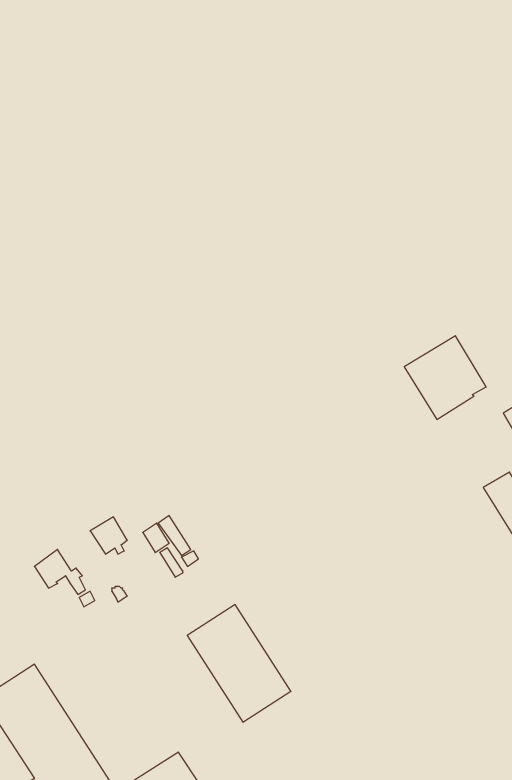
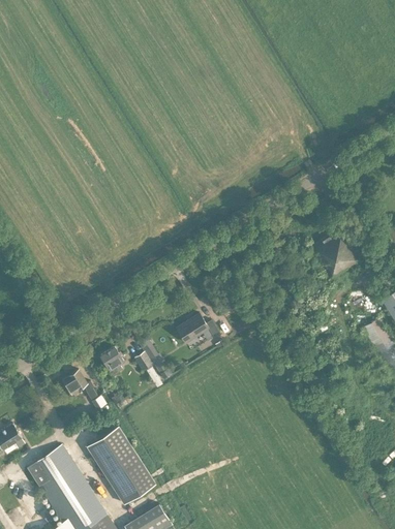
building: none -> [175,313,218,344]
building: [187,605,291,722] -> [85,426,154,504]

